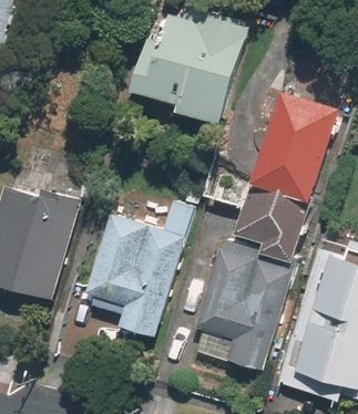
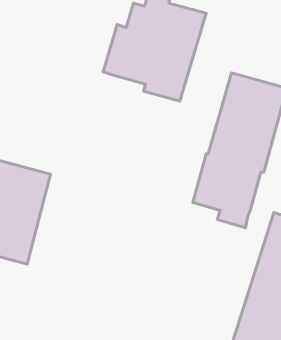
building: [86,196,195,339] -> none
building: [192,236,294,373] -> none

